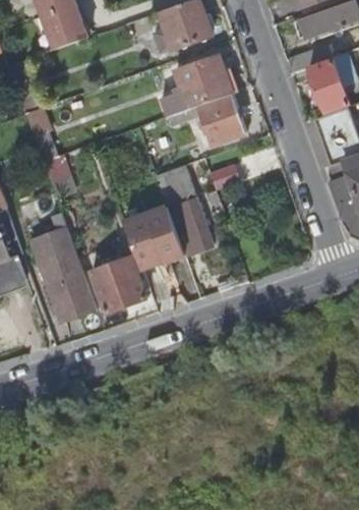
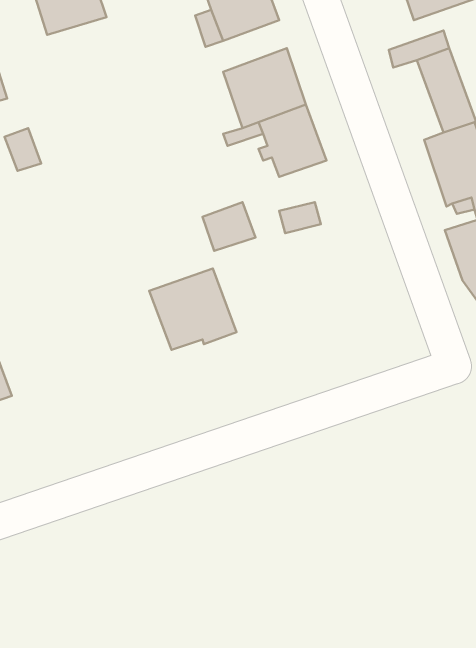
building: [170,199,211,250] -> none
building: [26,216,91,309] -> none
building: [86,248,142,301] -> none

